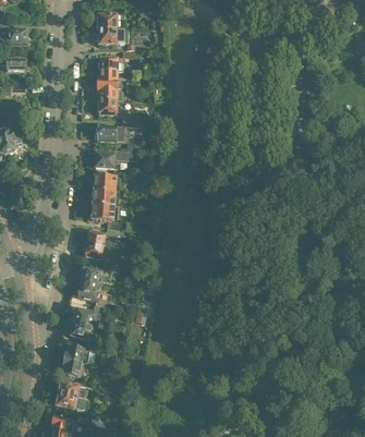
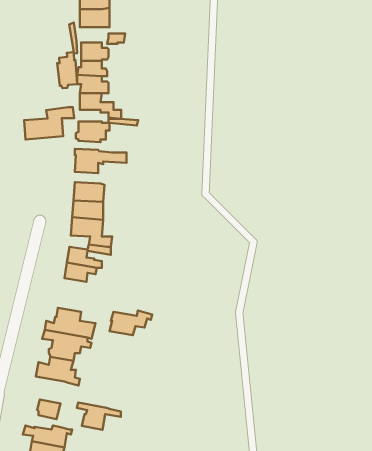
building: none -> [57,23,77,88]
building: none -> [24,107,74,139]
building: [80,264,115,284] -> [109,311,152,335]
building: [60,339,97,362] -> [77,403,121,430]

